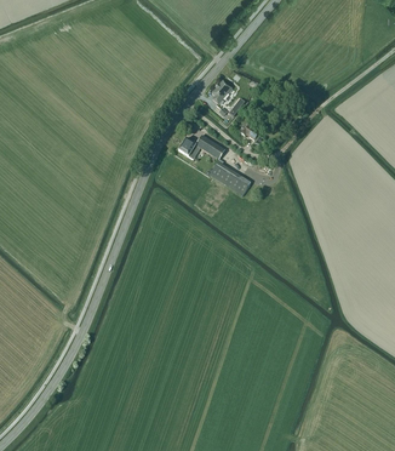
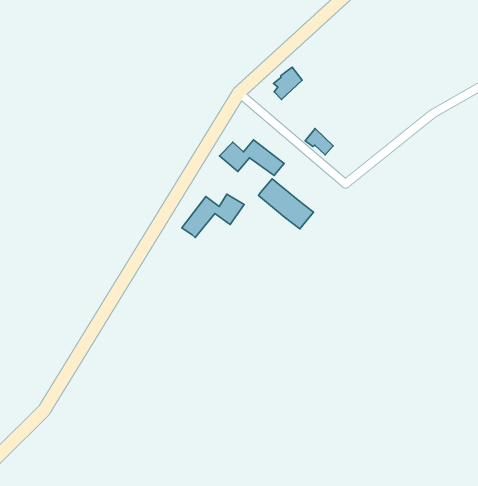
building: none -> [182,194,244,238]

